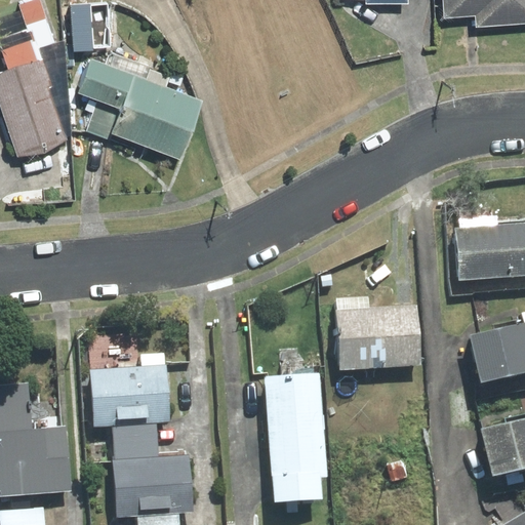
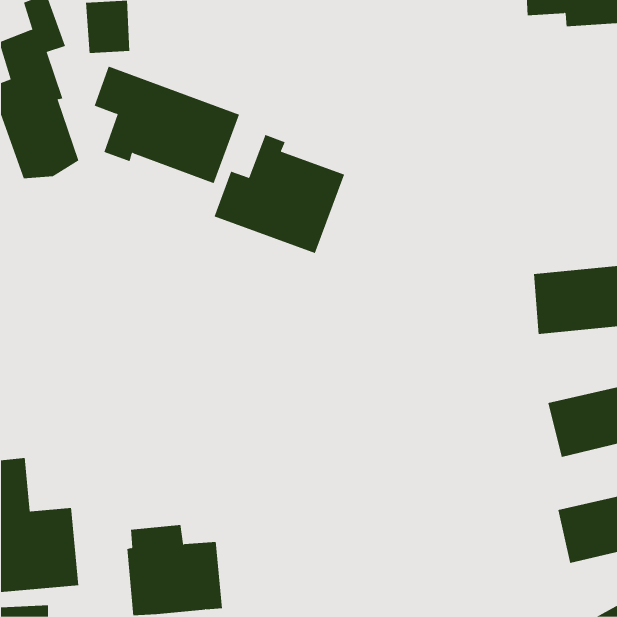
building: none -> [214,134,345,254]
building: [334,298,420,372] -> none
building: [88,354,169,446] -> none
building: [264,364,321,503] -> none

